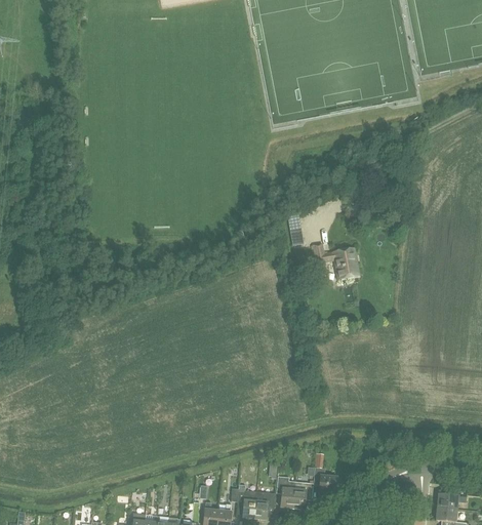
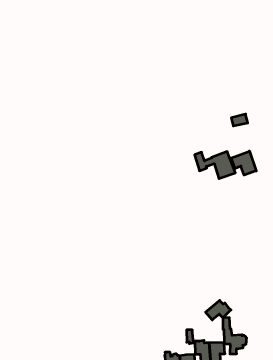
building: none -> [231,151,256,175]
building: none -> [206,300,231,320]

